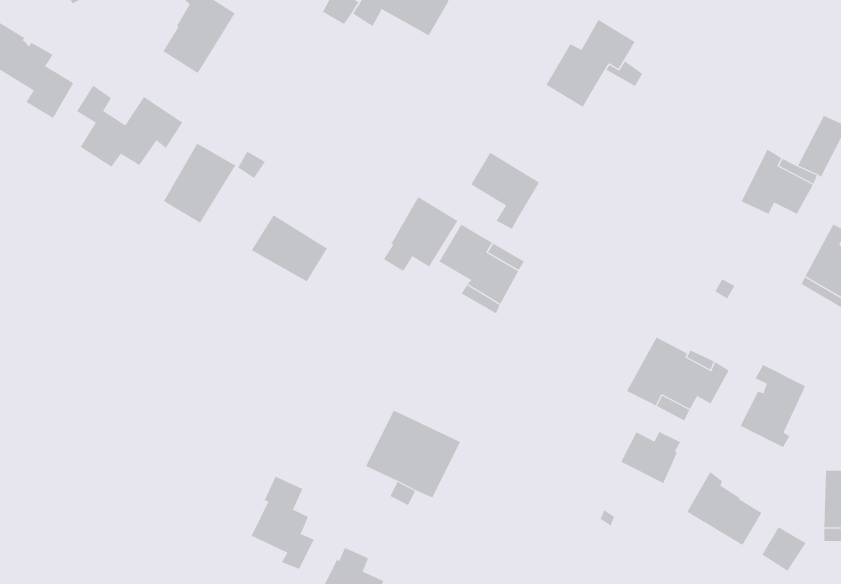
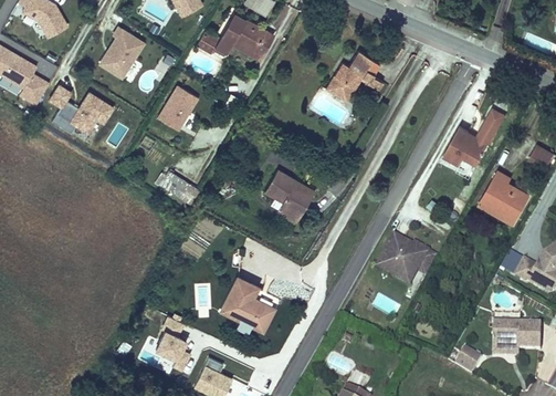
building: [163,143,236,224] -> [156,81,199,128]
building: [471,152,540,230] -> none
building: [383,196,458,272] -> none
building: [740,364,806,448] -> none
building: [621,431,681,484] -> none
building: [687,471,762,546] -> none

